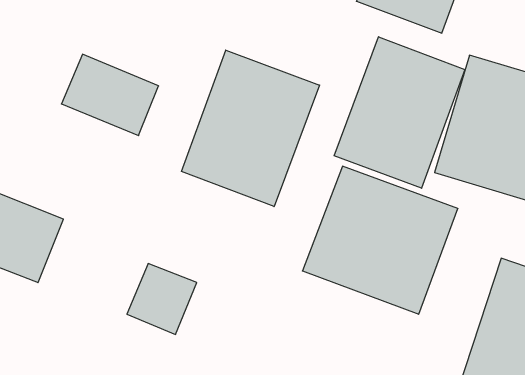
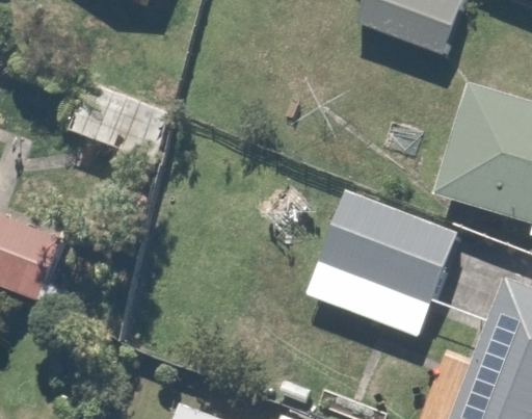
building: [334,37,465,188] -> none
building: [182,50,320,207] -> none

